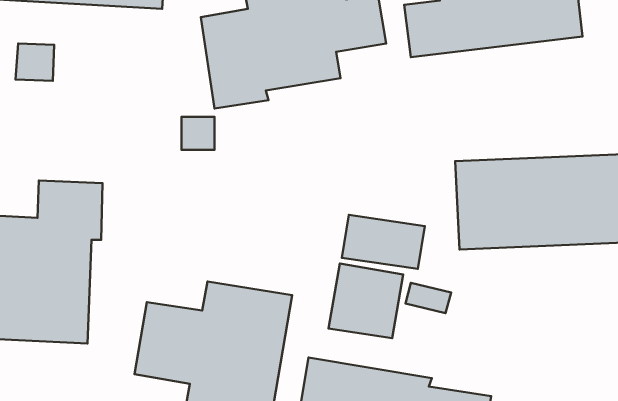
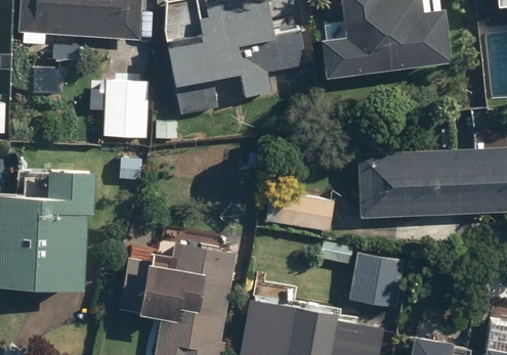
building: none -> [103,81,150,139]
building: [329,263,403,338] -> [348,253,404,308]

